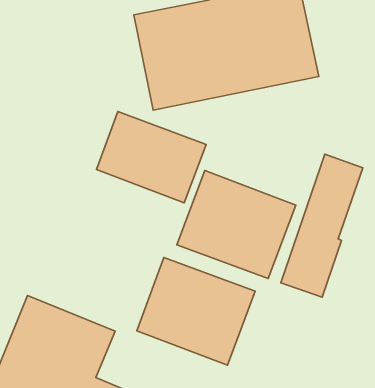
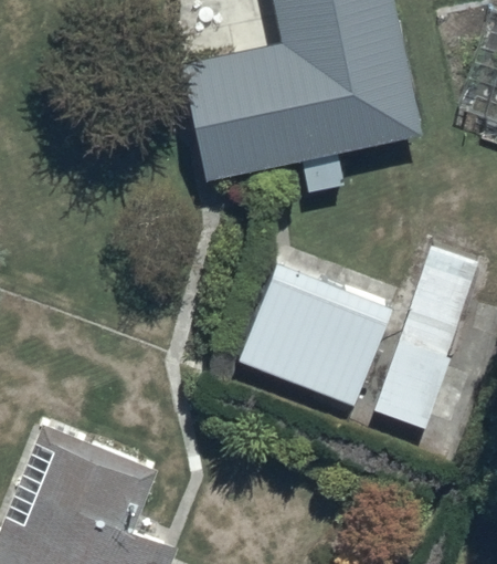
building: [96,112,206,203] -> none
building: [137,257,255,365] -> none

